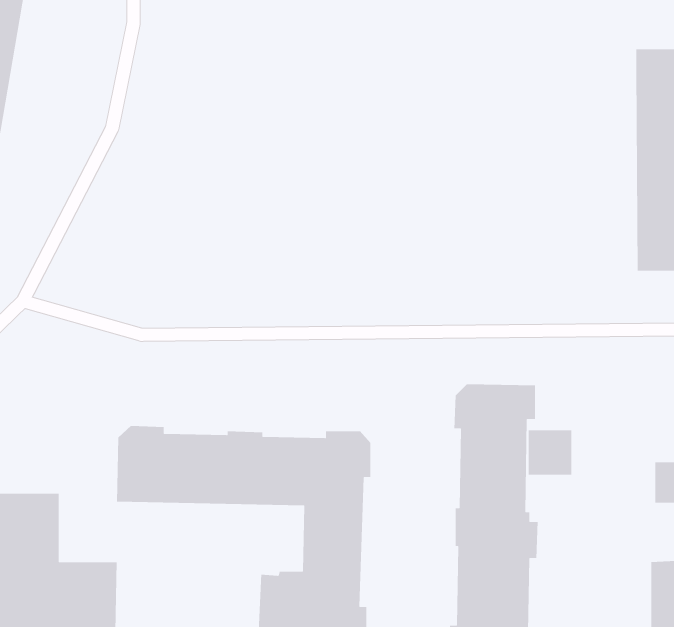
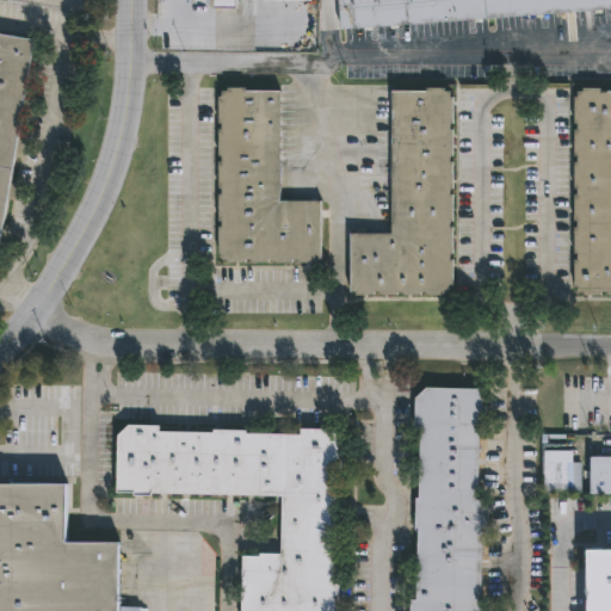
building: none -> [217,90,319,261]
building: none -> [348,90,451,294]
building: [528,430,572,475] -> [543,449,582,489]

